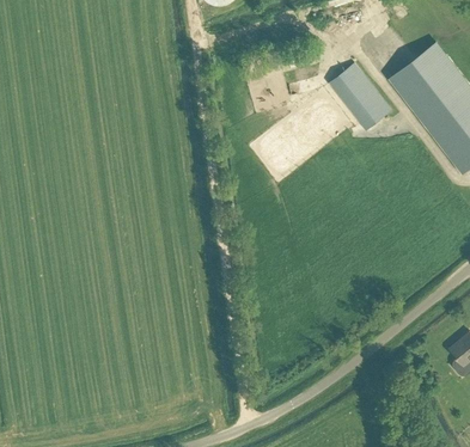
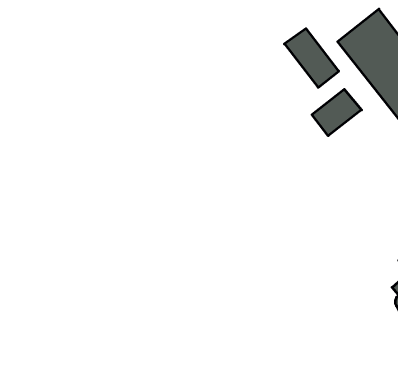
building: none -> [312,89,362,136]

